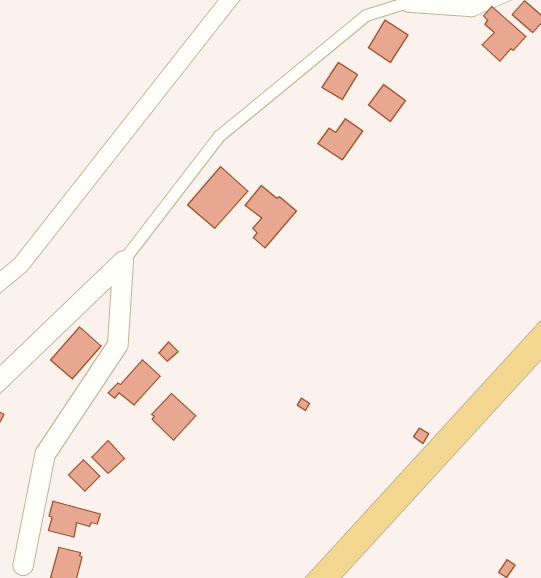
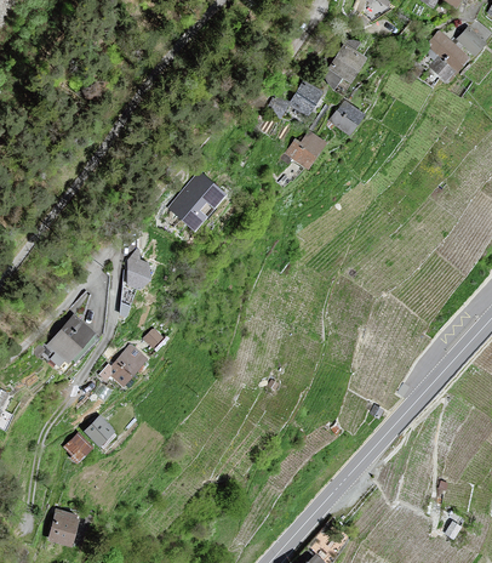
building: [245,185,297,248] -> none
building: none -> [126,250,150,289]
building: [152,394,196,440] -> none
building: [49,501,100,537] -> none

